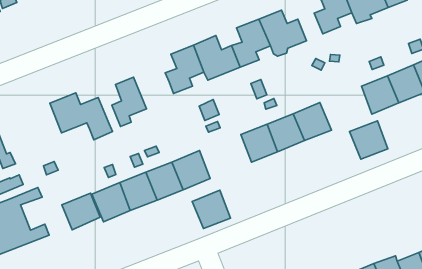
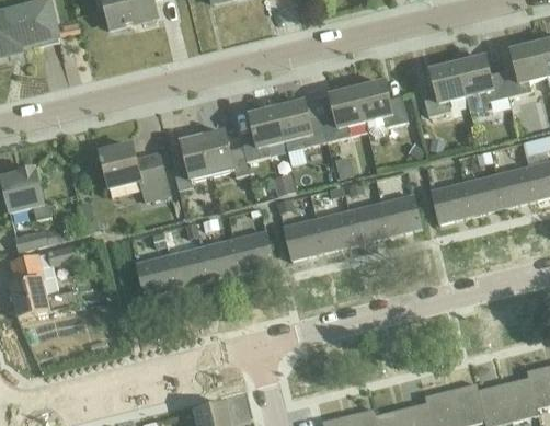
building: none -> [202,129,249,175]
building: [350,121,388,159] -> [429,182,471,223]
building: [192,190,230,228] -> [283,218,324,260]
building: [62,193,100,230] -> none

